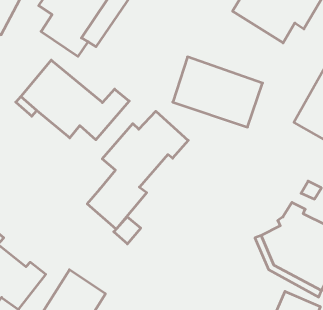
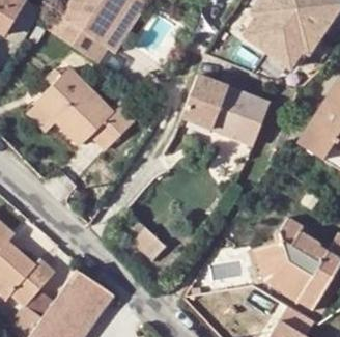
building: [87,111,188,229] -> none

